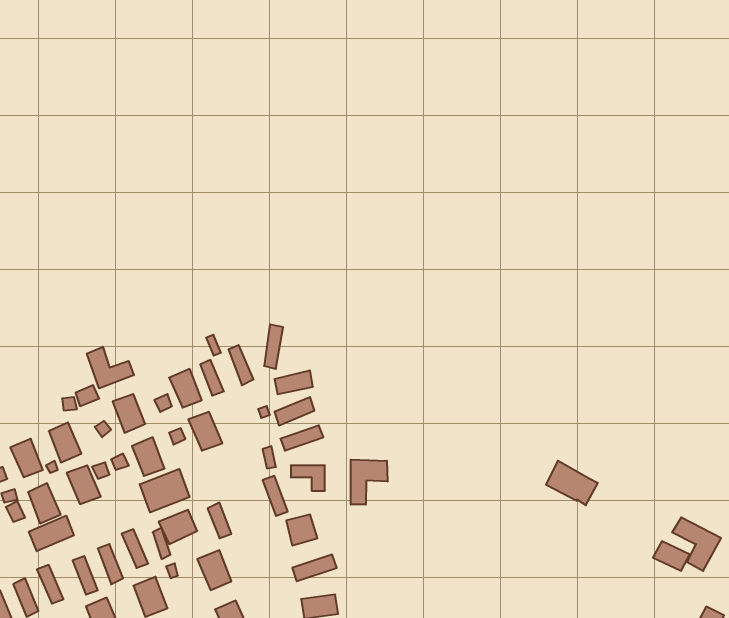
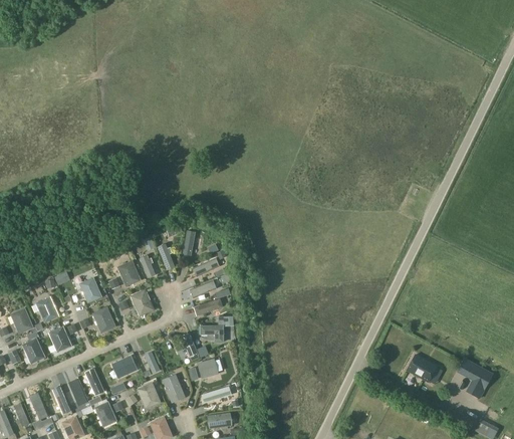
building: [87,347,134,388] -> none
building: [351,460,388,505] -> none
building: [546,461,598,505] -> [408,356,443,386]
building: [140,469,189,512] -> none
building: [29,516,74,551] -> none
building: none -> [164,374,186,404]

